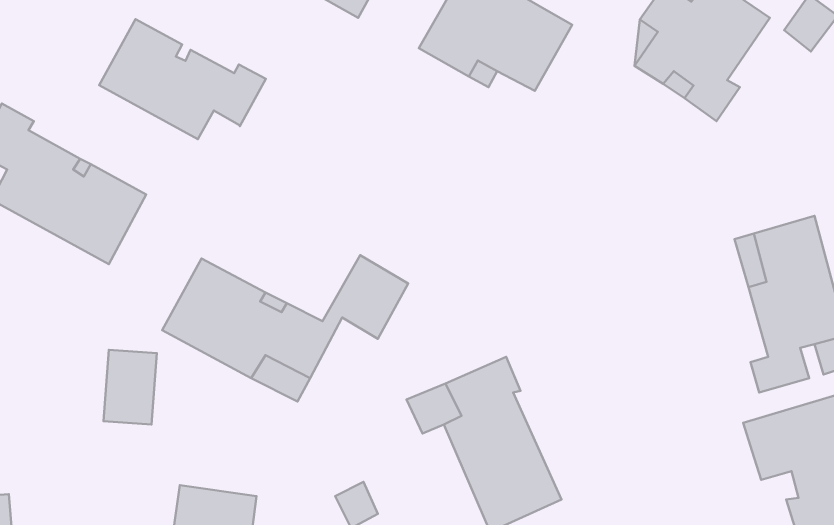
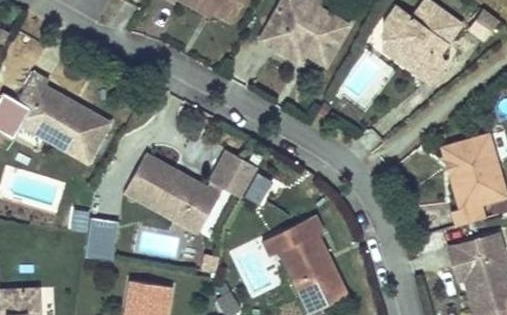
building: [99,19,266,139] -> none

